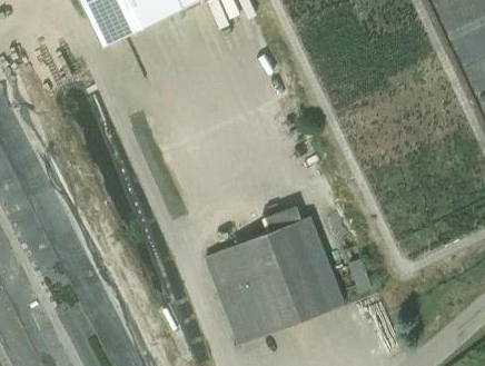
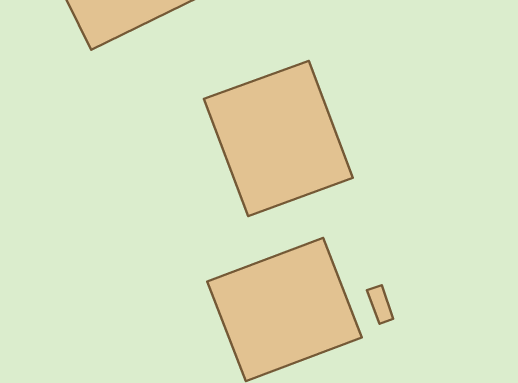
building: none -> [204,61,353,216]

